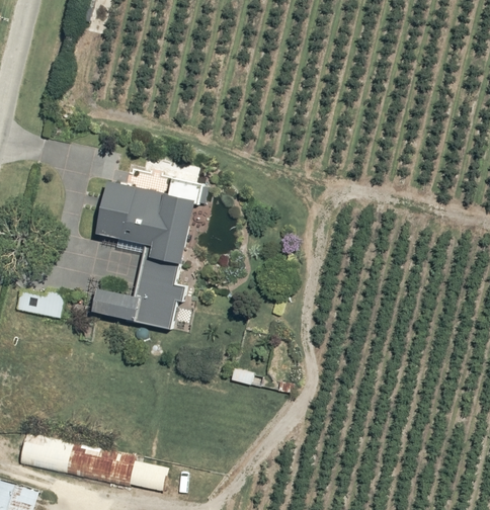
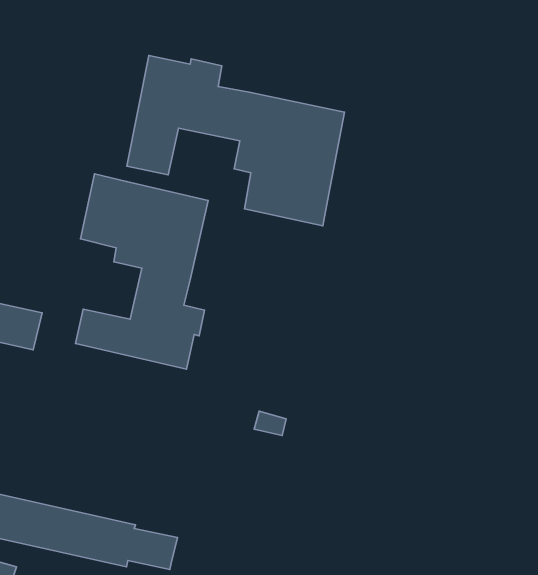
building: none -> [127,55,345,226]

